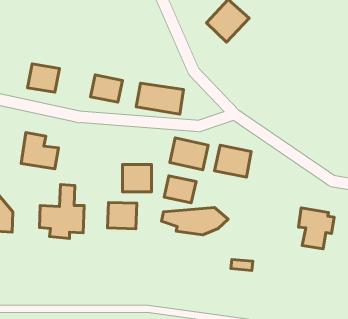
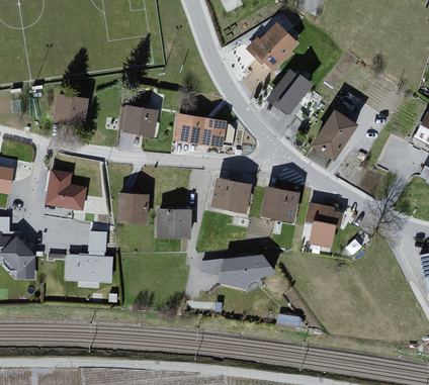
building: none -> [268,69,309,110]
building: none -> [312,111,358,163]
building: [164,176,196,203] -> none
building: [108,202,137,229] -> [116,194,149,223]
building: [298,208,334,249] -> [305,203,344,249]

